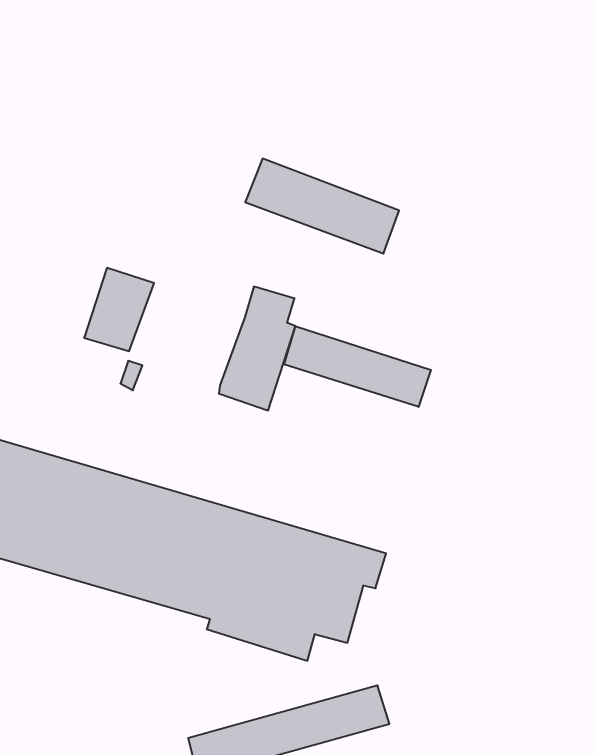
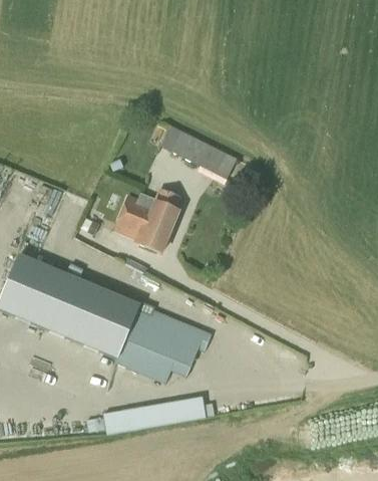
building: [84,268,154,351] -> [114,195,152,238]
building: [284,326,431,407] -> none

